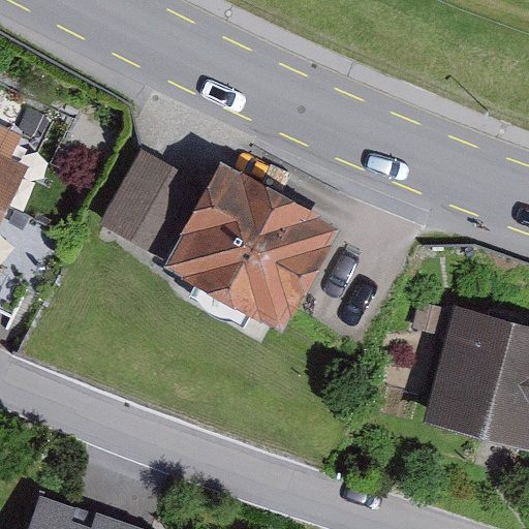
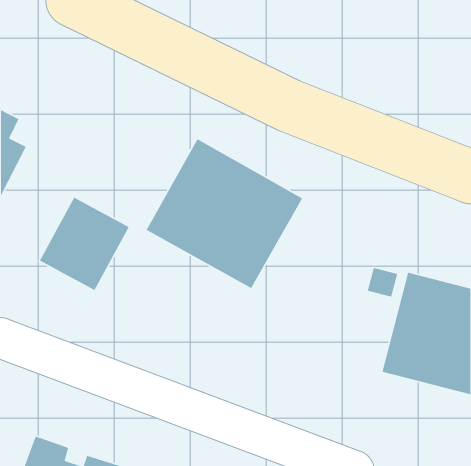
building: [99,151,201,257] -> [39,196,130,291]

